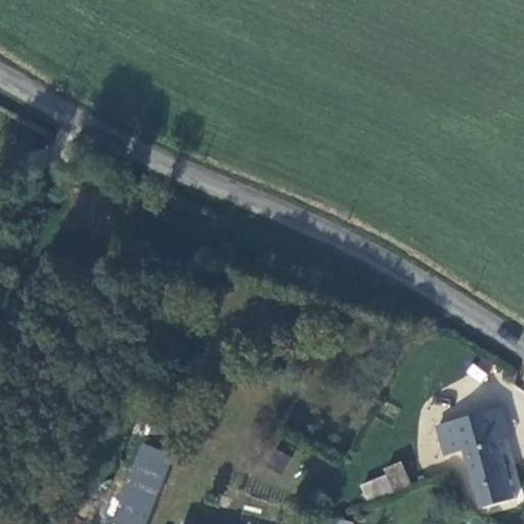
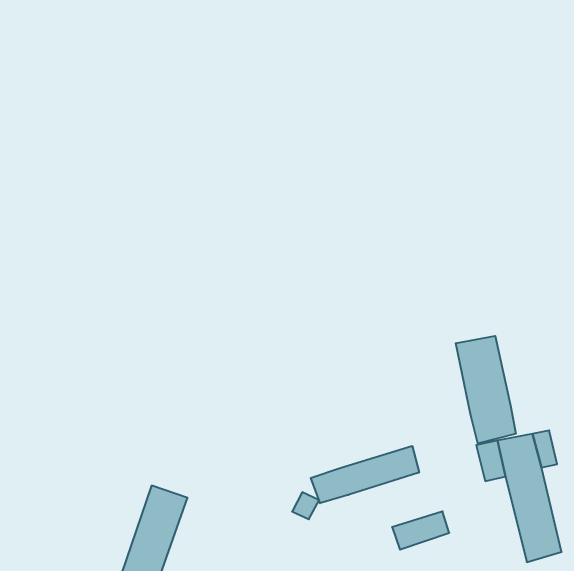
building: none -> [456,336,516,443]
building: none -> [311,446,419,503]

